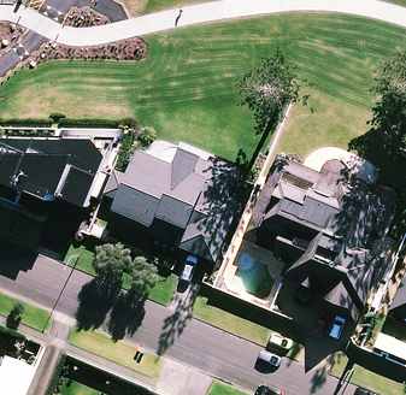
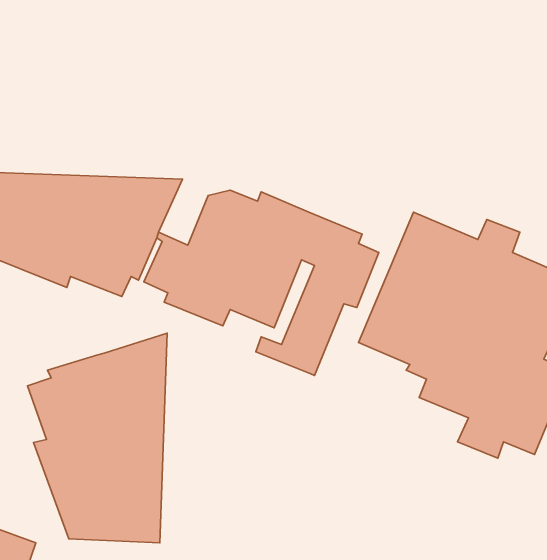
building: none -> [27,333,167,543]

